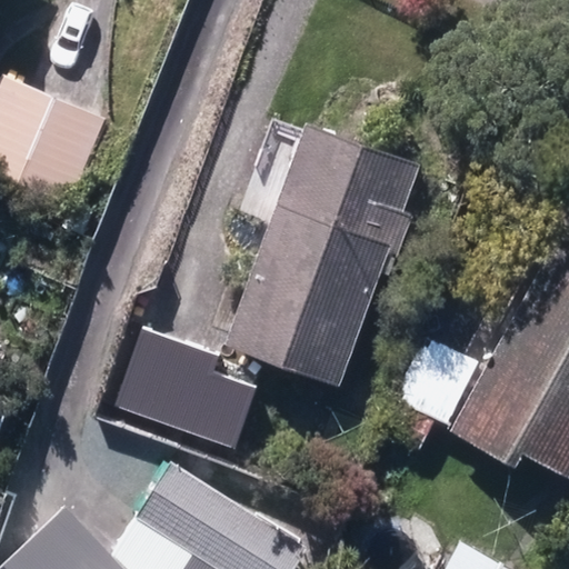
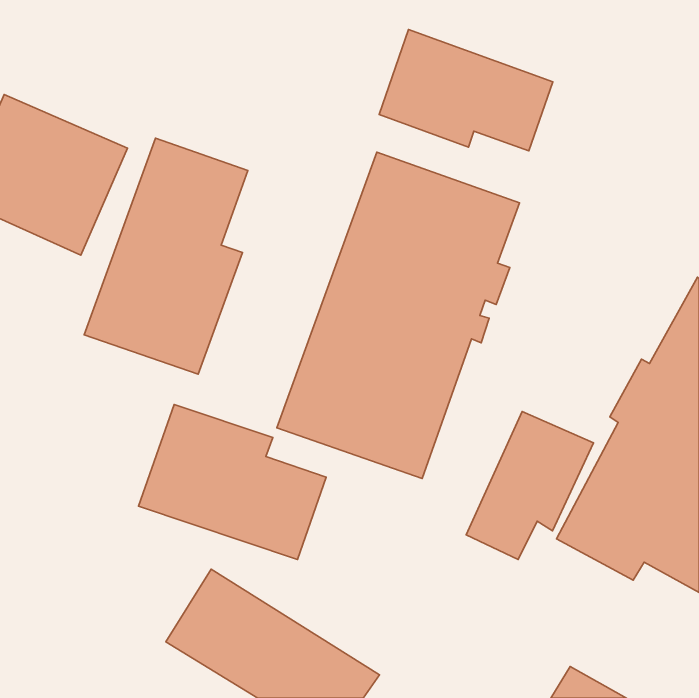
building: none -> [379,30,553,151]
building: none -> [84,138,248,374]

